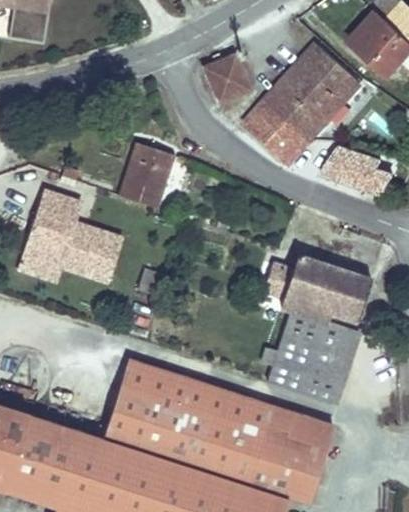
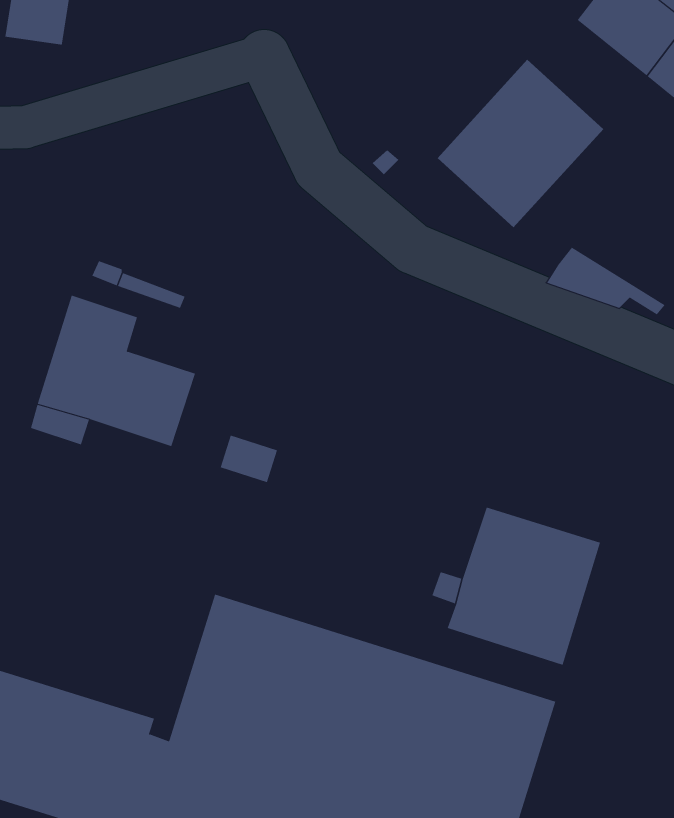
building: [203,62,246,104] -> none
building: [242,108,306,170] -> none
building: [116,139,173,204] -> none
building: [282,259,373,333] -> none

